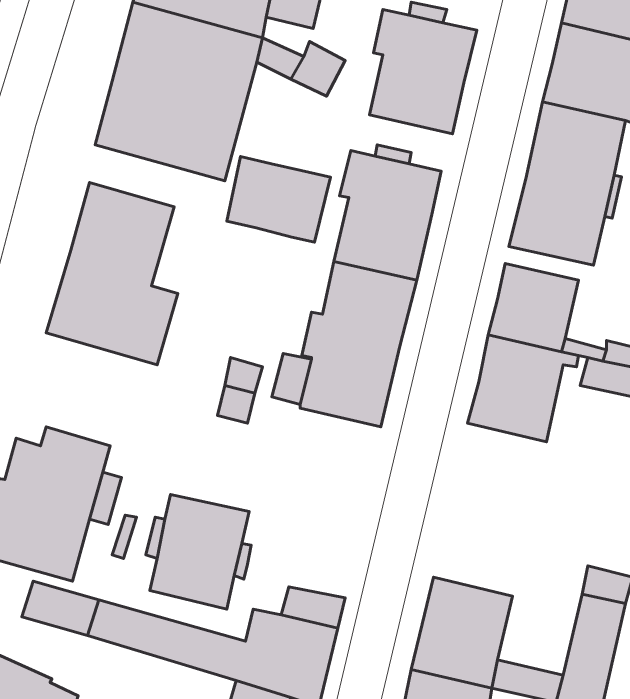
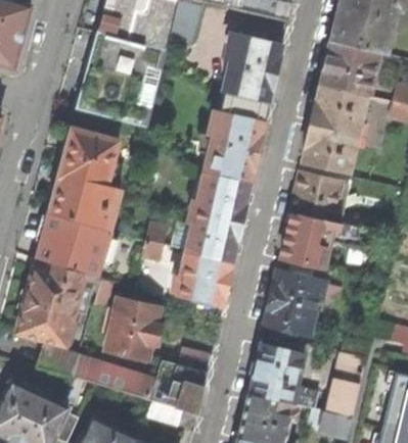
building: [227,157,330,242] -> none
building: none -> [36,211,110,277]
building: none -> [172,252,231,304]
building: none -> [264,272,325,335]

